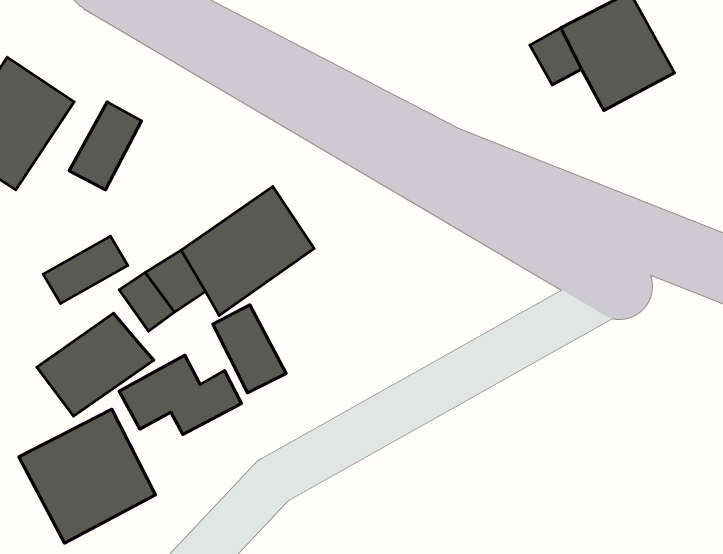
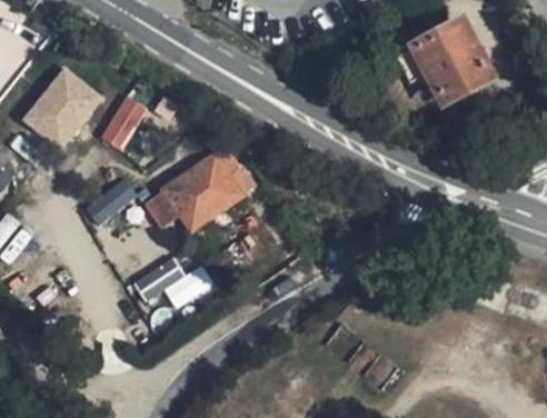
building: [213,305,286,393] -> none
building: [37,313,154,416] -> none
building: [19,409,156,543] -> none

